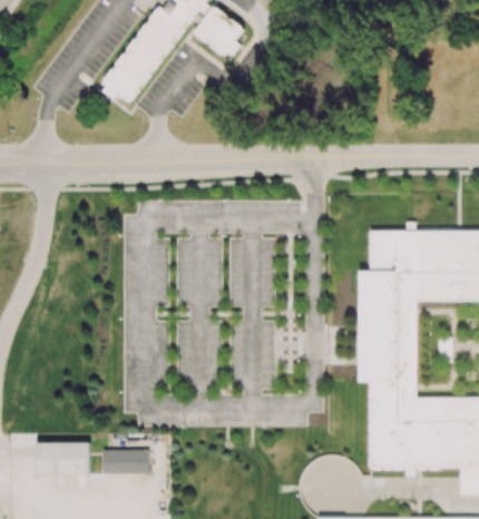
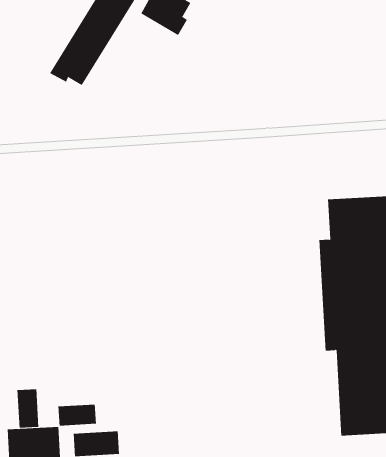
building: none -> [17,388,39,429]
building: none -> [58,404,96,426]

